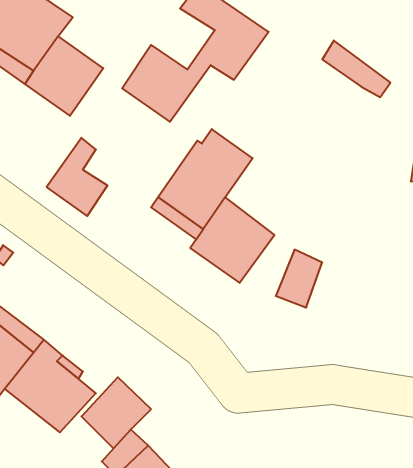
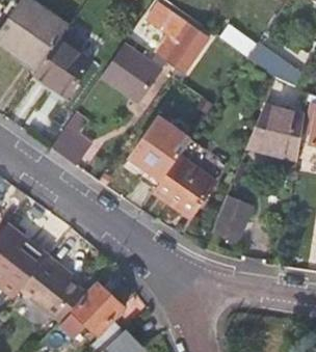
building: none -> [248,105,306,159]

